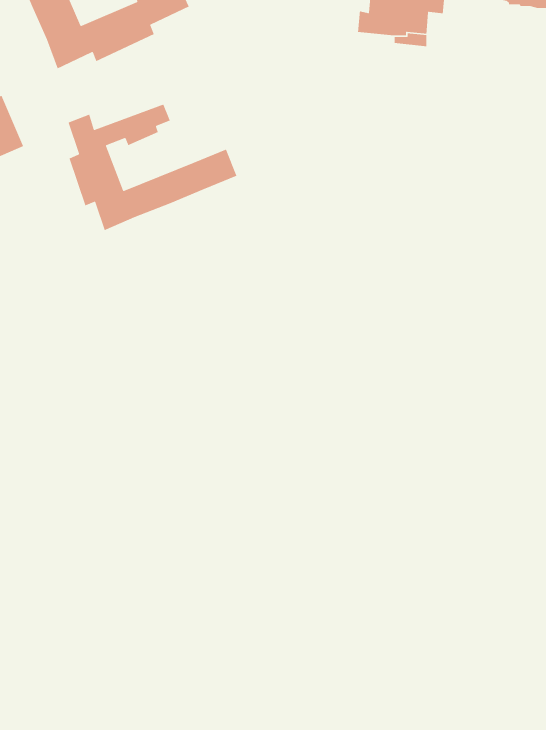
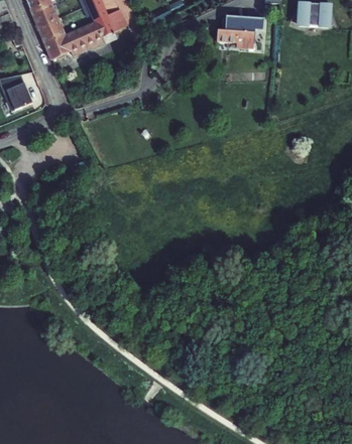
building: [68,104,238,231] -> none

